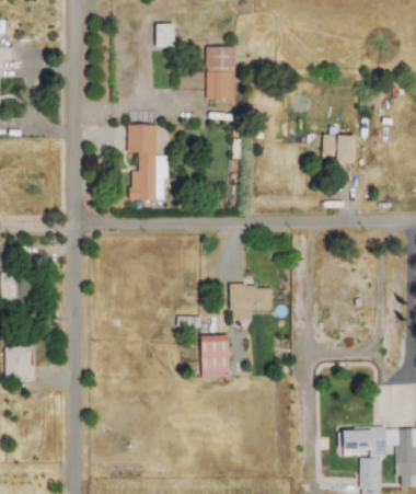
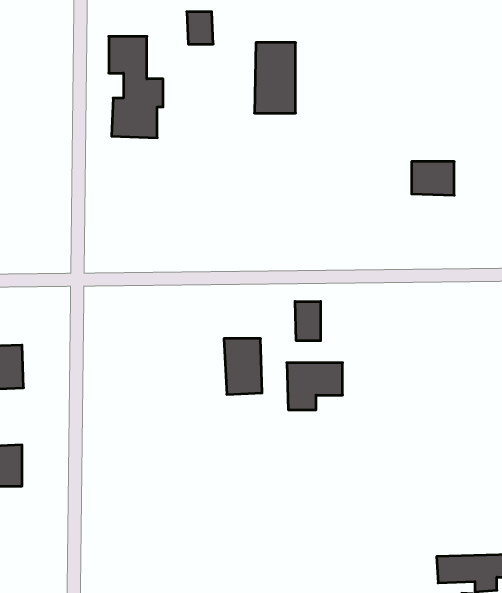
building: [128,125,169,200] -> [109,36,163,138]
building: none -> [295,301,321,341]
building: [200,336,229,378] -> [224,339,262,394]

